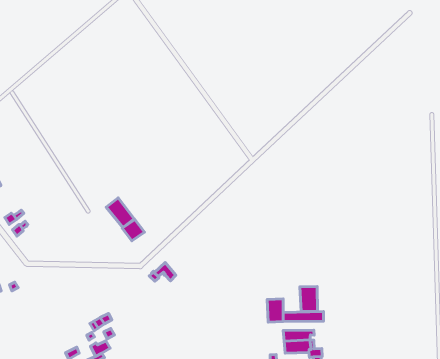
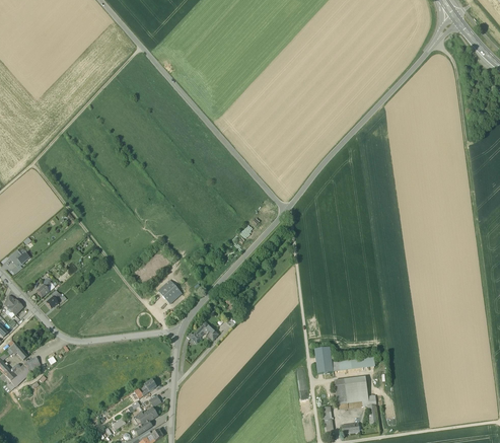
building: [106,198,134,228] -> none
building: [300,287,318,312] -> none

